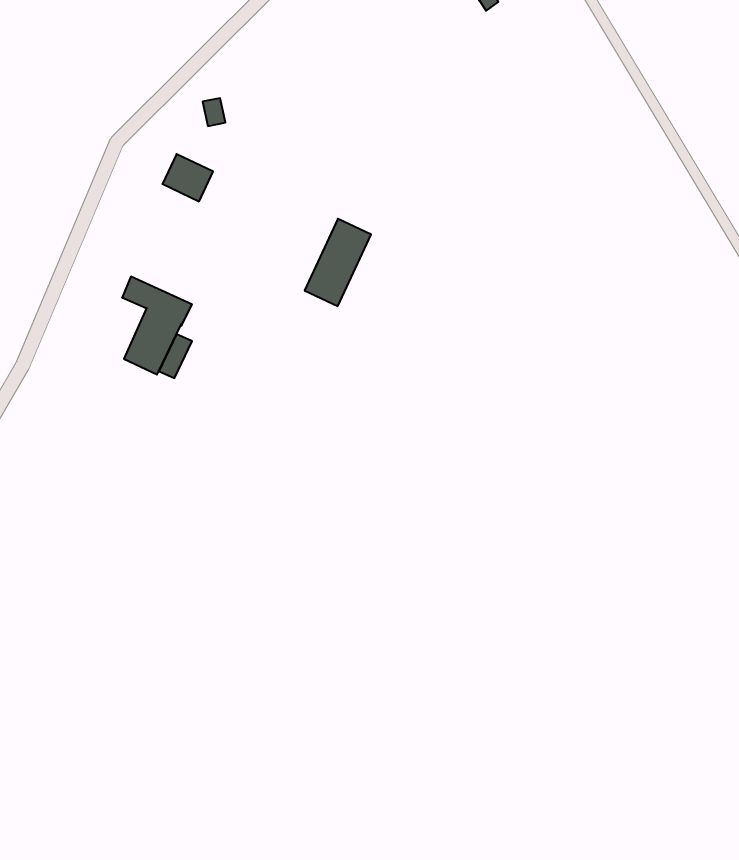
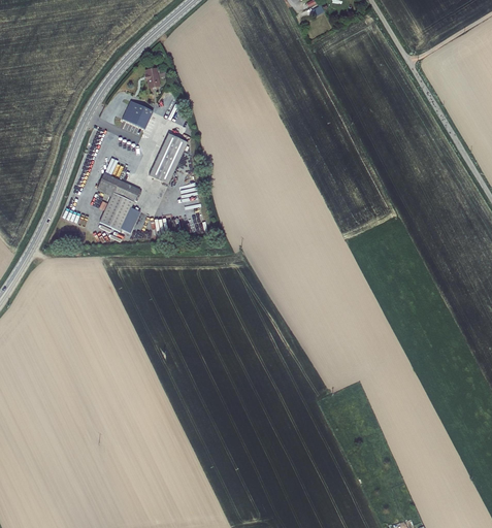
building: [305,219,371,306] -> [149,133,188,185]

